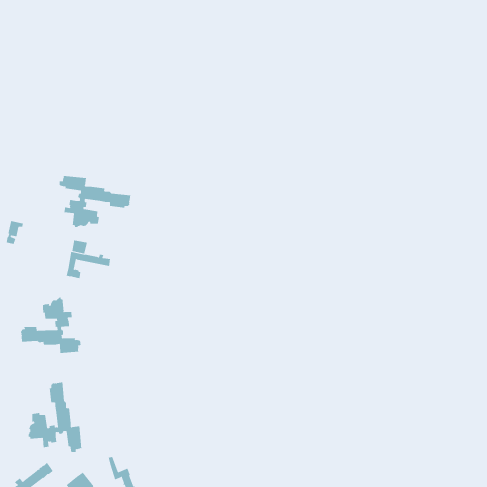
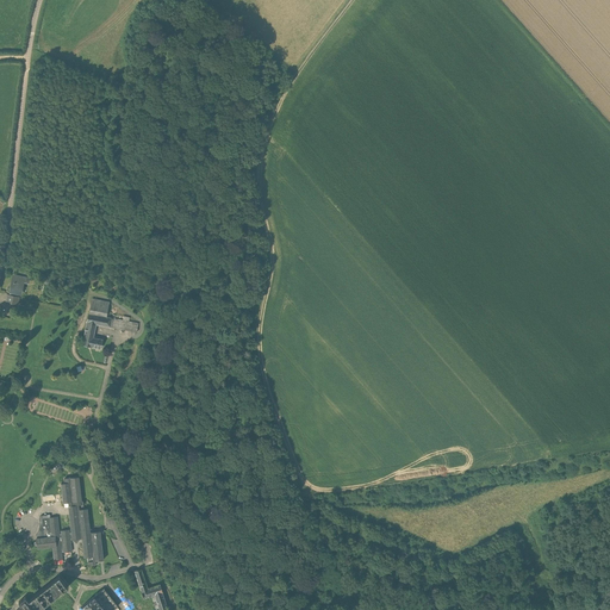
building: [59,175,131,228] -> none
building: [20,297,81,354] -> none

